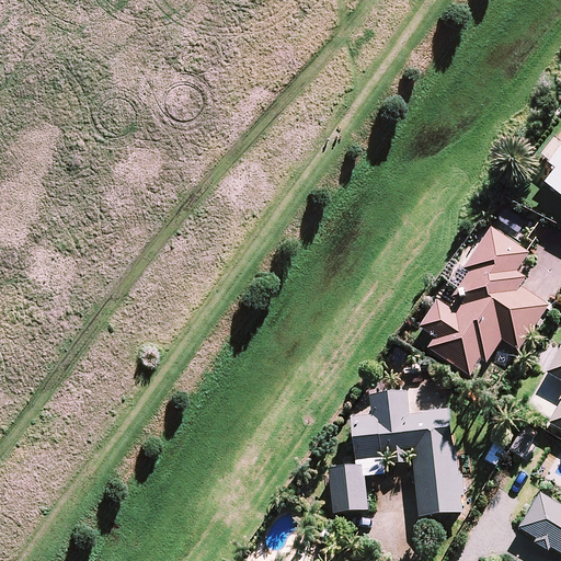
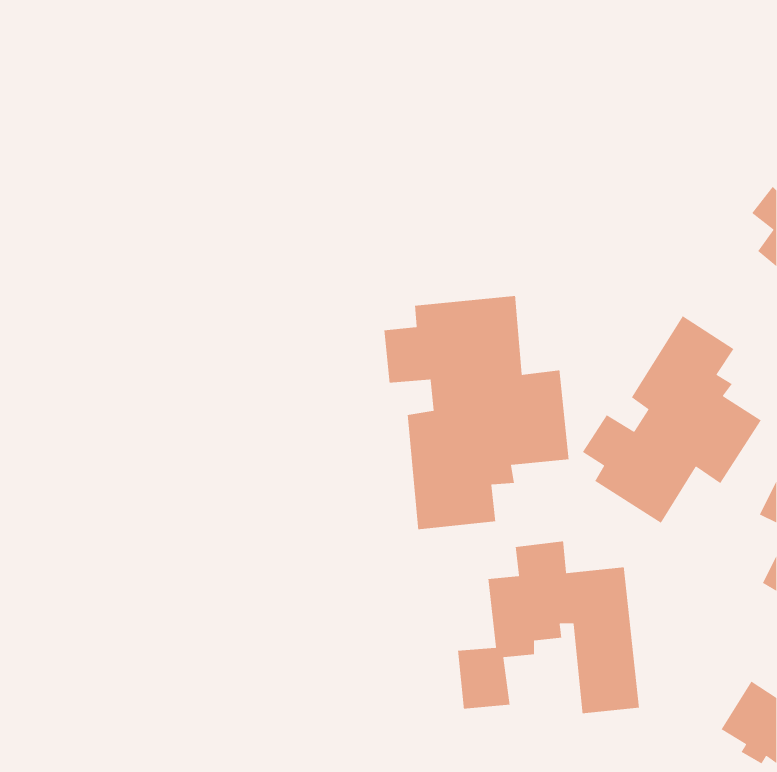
building: none -> [383,295,569,530]

